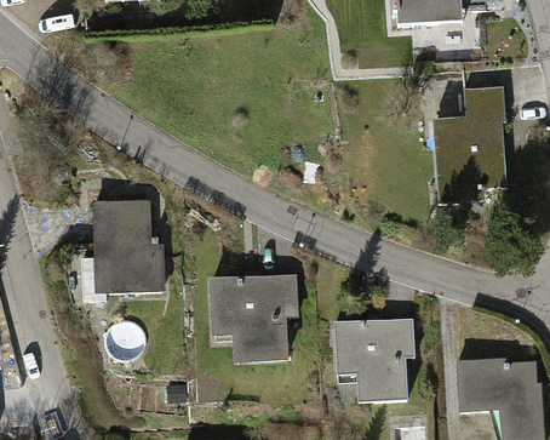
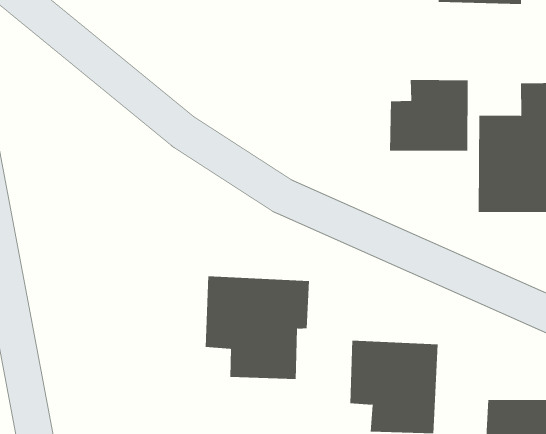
building: none -> [390,79,468,152]
building: [93,200,165,292] -> none

